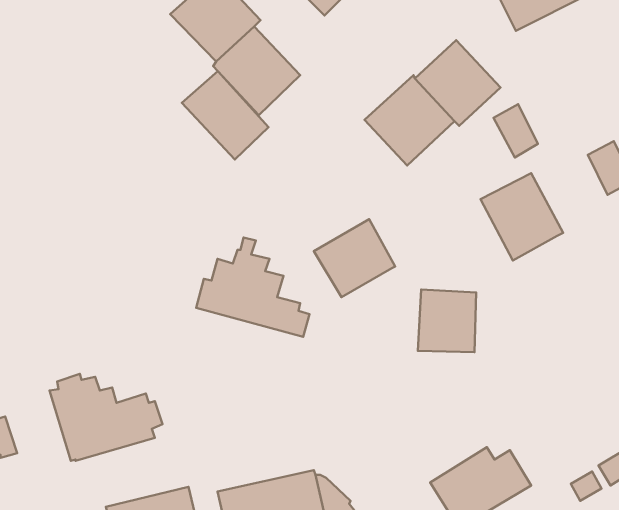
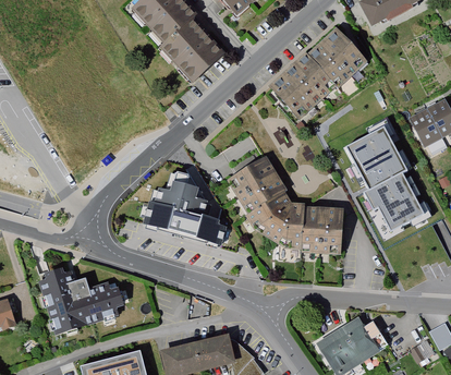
building: [182,71,269,159] -> none
building: [494,104,538,158] -> [407,112,439,150]
building: none -> [366,170,425,228]
building: none -> [245,193,306,252]

